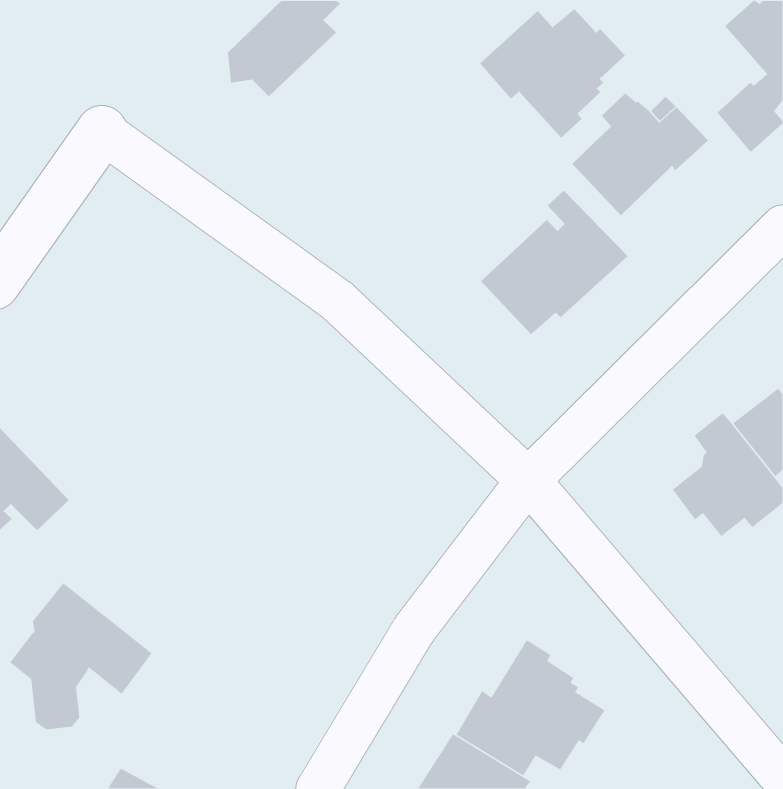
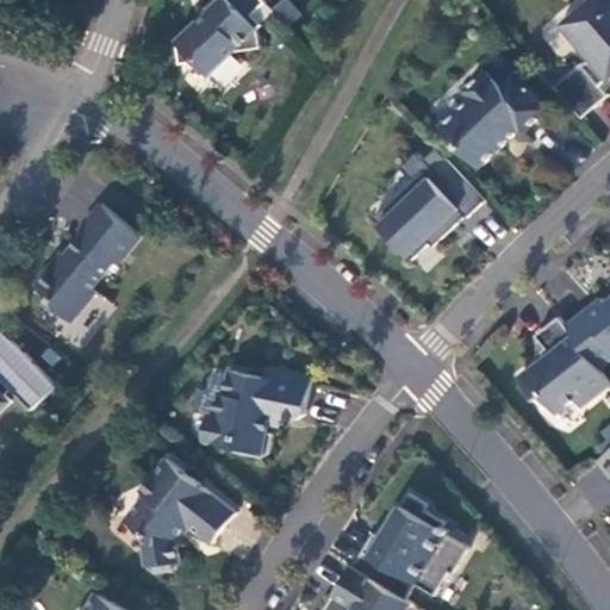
building: [479,8,626,138] -> none
building: none -> [33,204,139,322]
building: none -> [201,371,310,458]
building: [9,582,153,730] -> [124,458,235,572]

